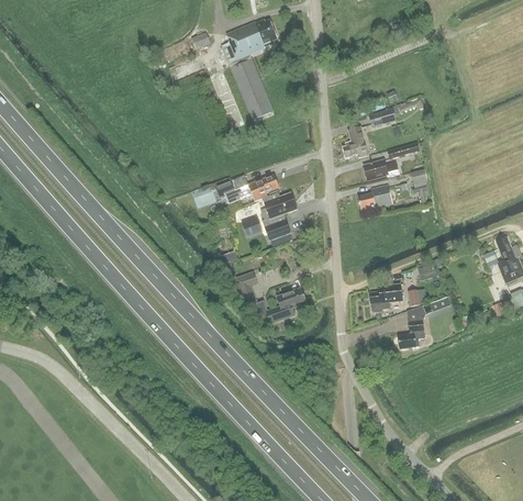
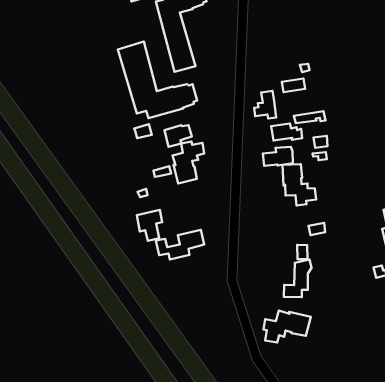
building: none -> [118,42,197,118]
building: none -> [282,164,316,205]
building: [370,283,402,312] -> none
building: none -> [263,311,311,343]

